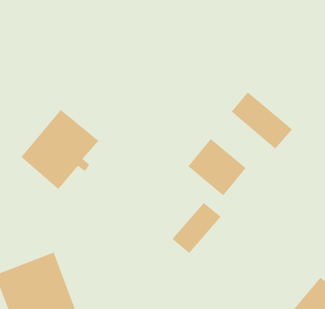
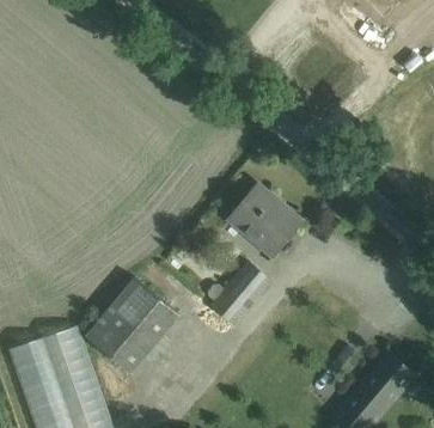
building: [231,91,293,150] -> none
building: [21,109,99,190] -> [87,276,182,373]

